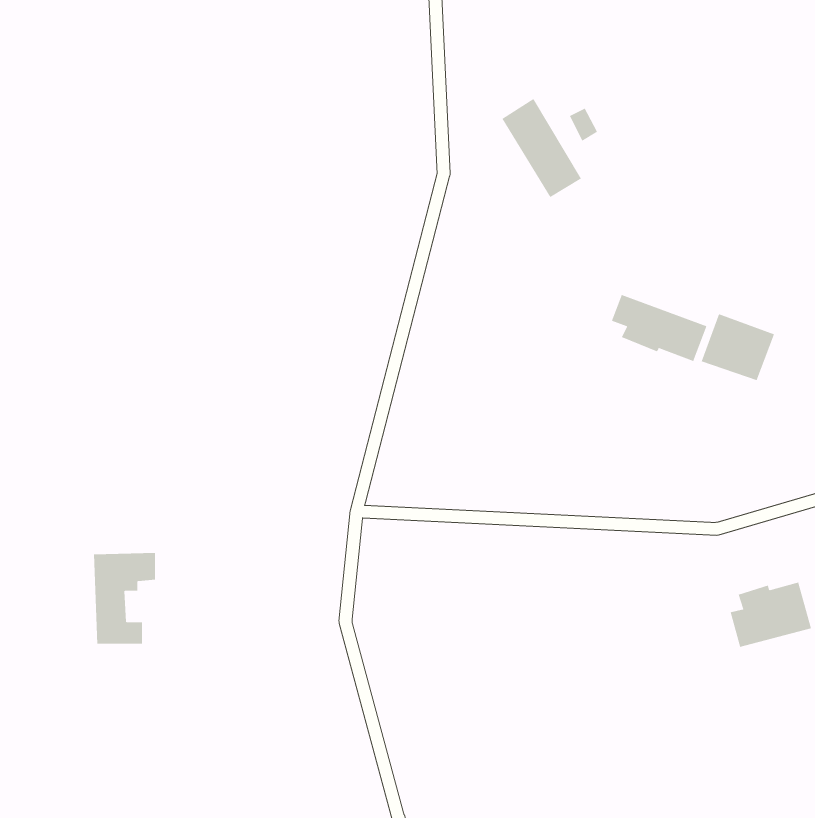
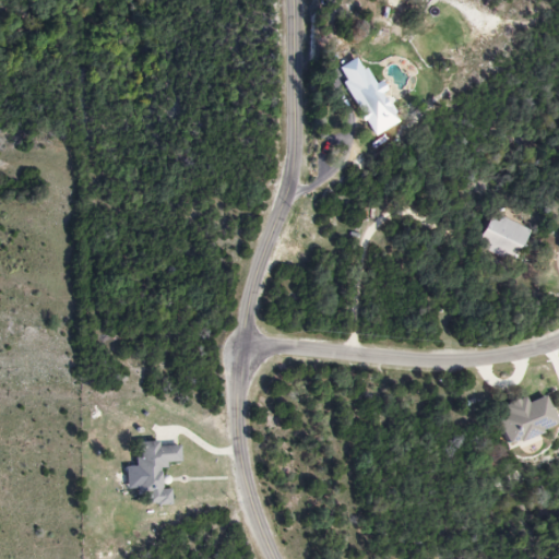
building: [611,294,707,362] -> none
building: [93,553,156,644] -> [138,441,180,503]

